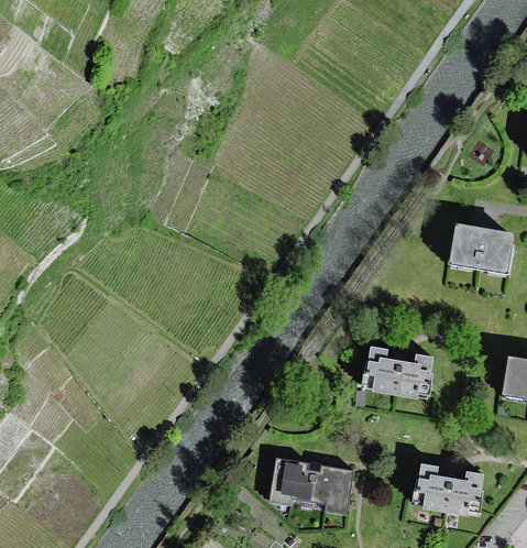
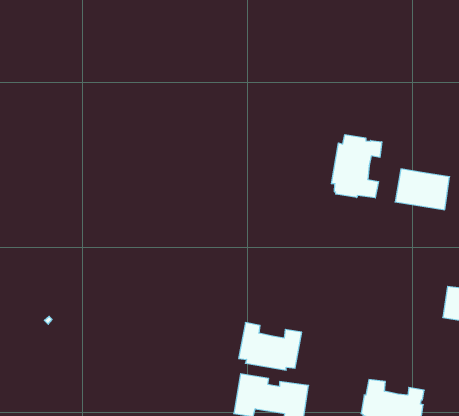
building: none -> [331,135,382,198]
building: [361,344,432,398] -> [239,323,302,370]

